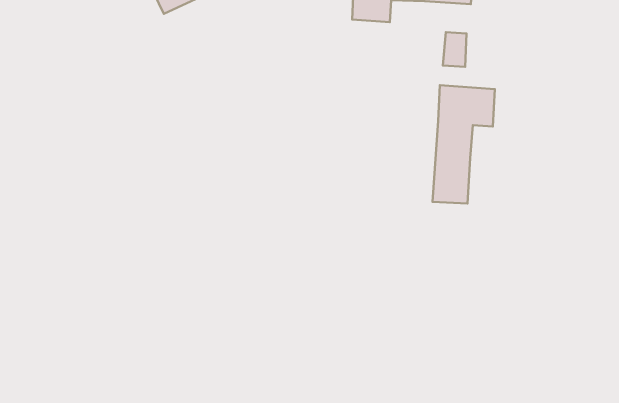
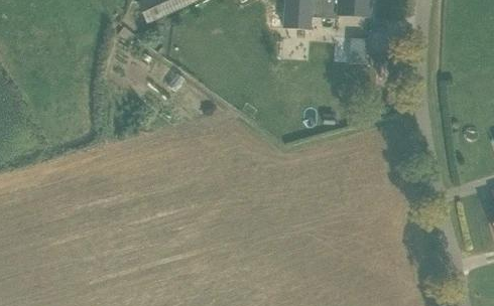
building: [433,85,495,203] -> none

